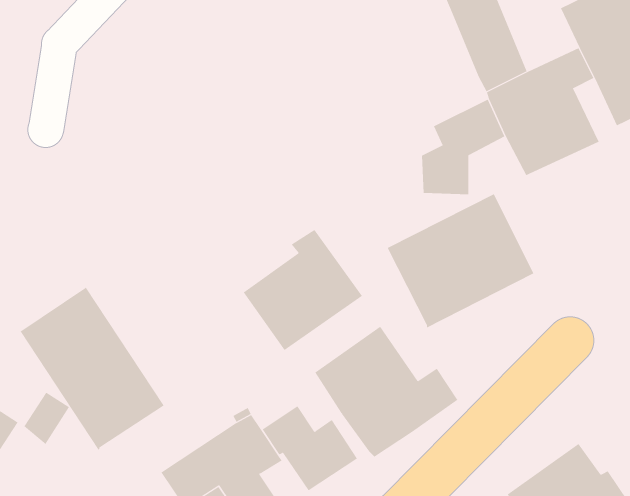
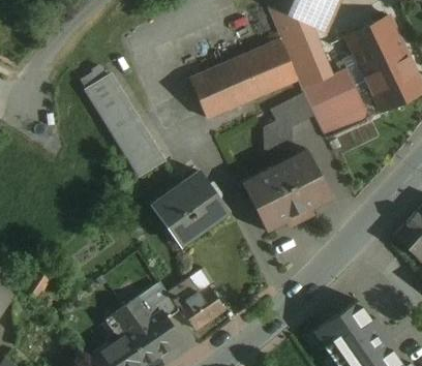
building: none -> [189,39,297,119]
building: none -> [86,75,164,176]
building: [20,286,165,451] -> none
building: [314,326,458,458] -> none

